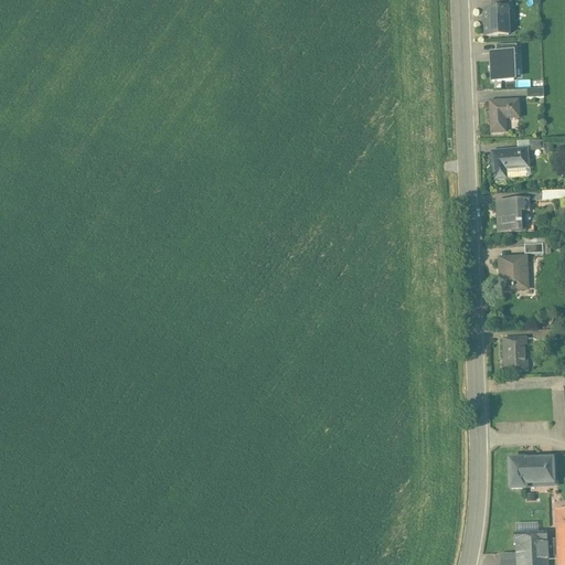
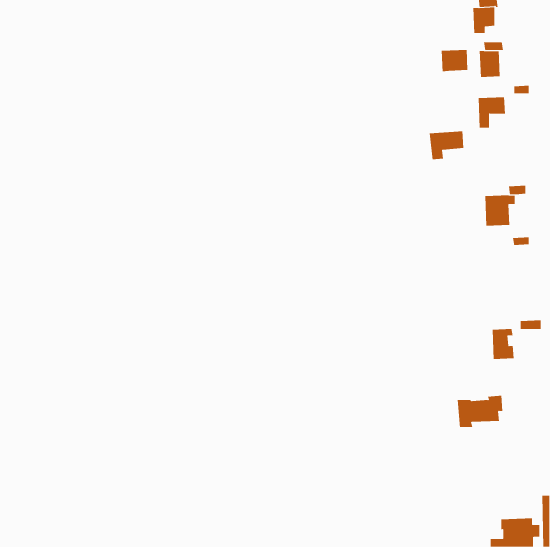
building: none -> [441,49,468,72]
building: [491,148,527,178] -> [429,131,464,160]
building: [500,255,527,290] -> none
building: [509,454,556,487] -> [457,395,503,428]

